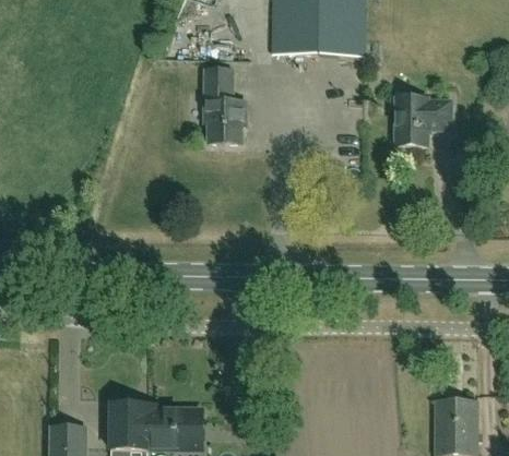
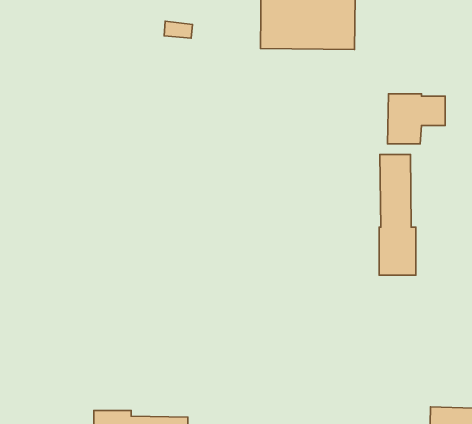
building: [205,69,245,143] -> none
building: none -> [379,154,416,275]

